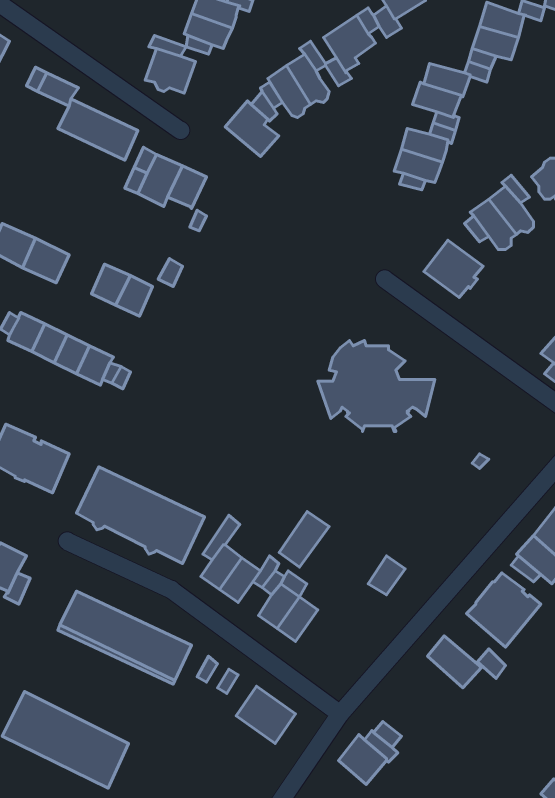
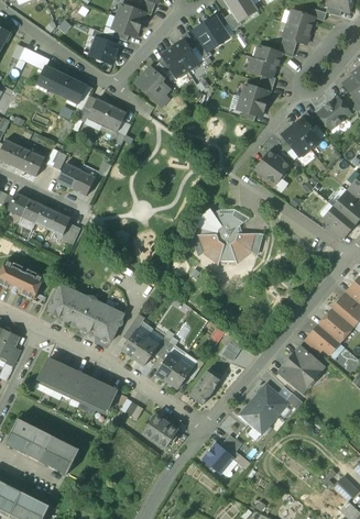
building: [279,512,329,567] -> [190,371,220,404]
building: none -> [240,396,277,433]

